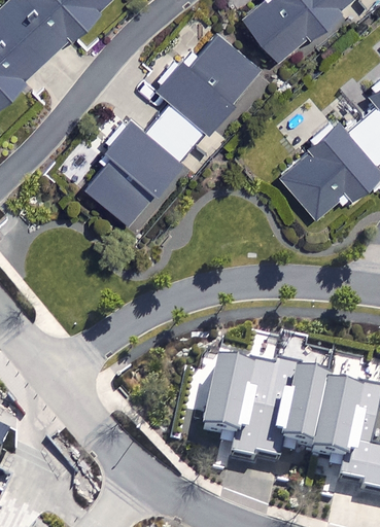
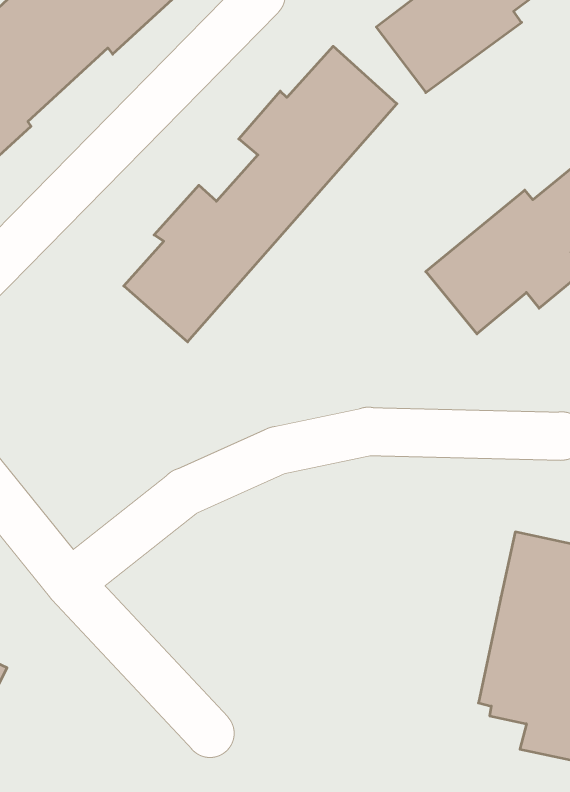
building: [175,324,329,462] -> none

